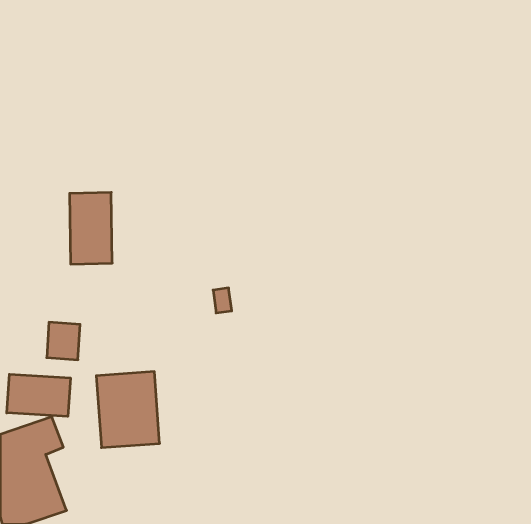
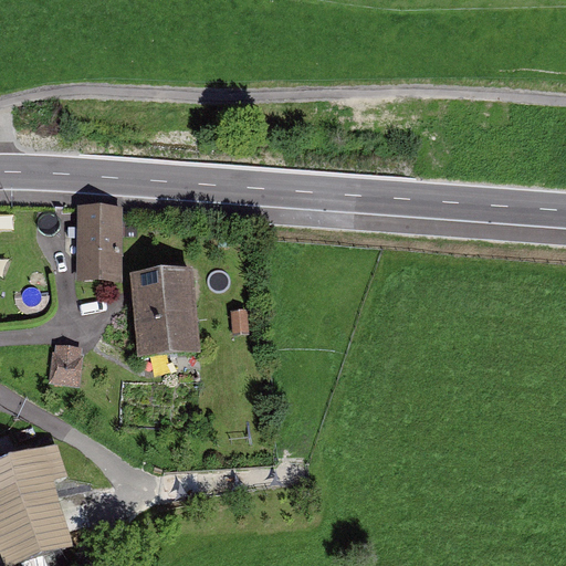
building: [96,372,160,448] -> [132,268,199,348]
building: [7,374,70,416] -> none

